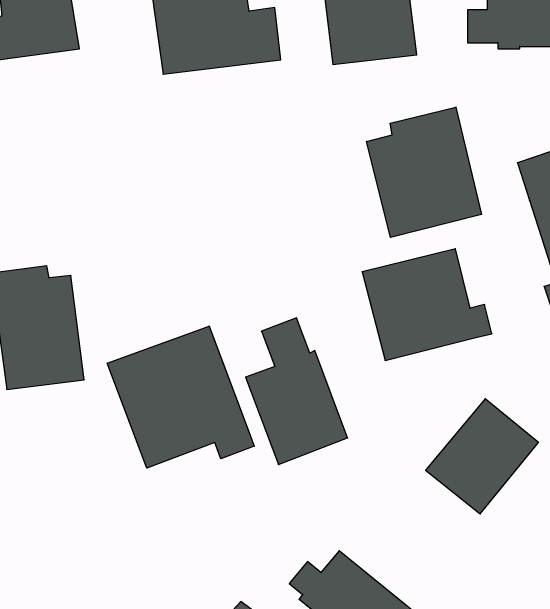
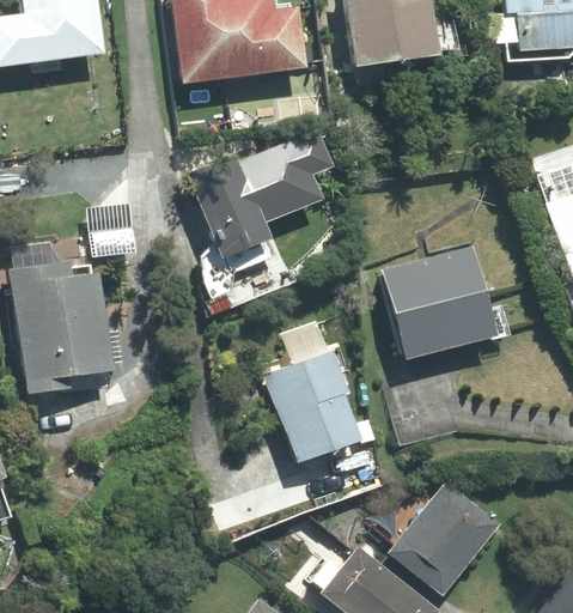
building: [367,107,482,237] -> none
building: none -> [189,134,328,256]
building: [107,326,254,468] -> none
building: [426,399,538,514] -> [388,484,499,597]

